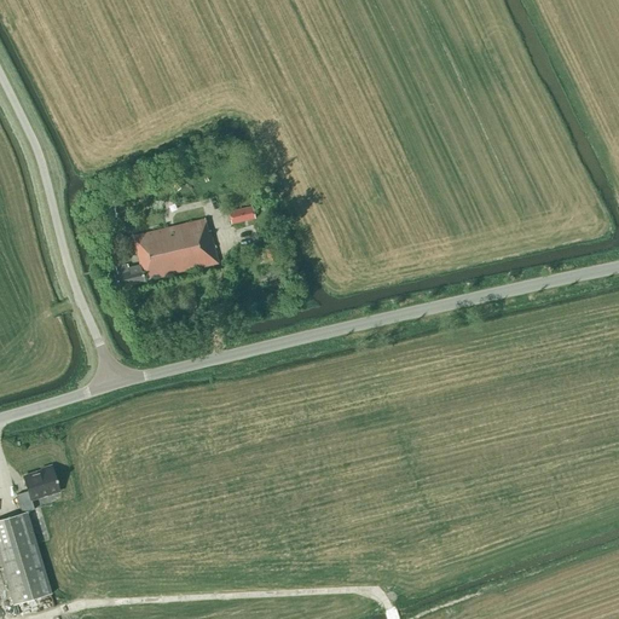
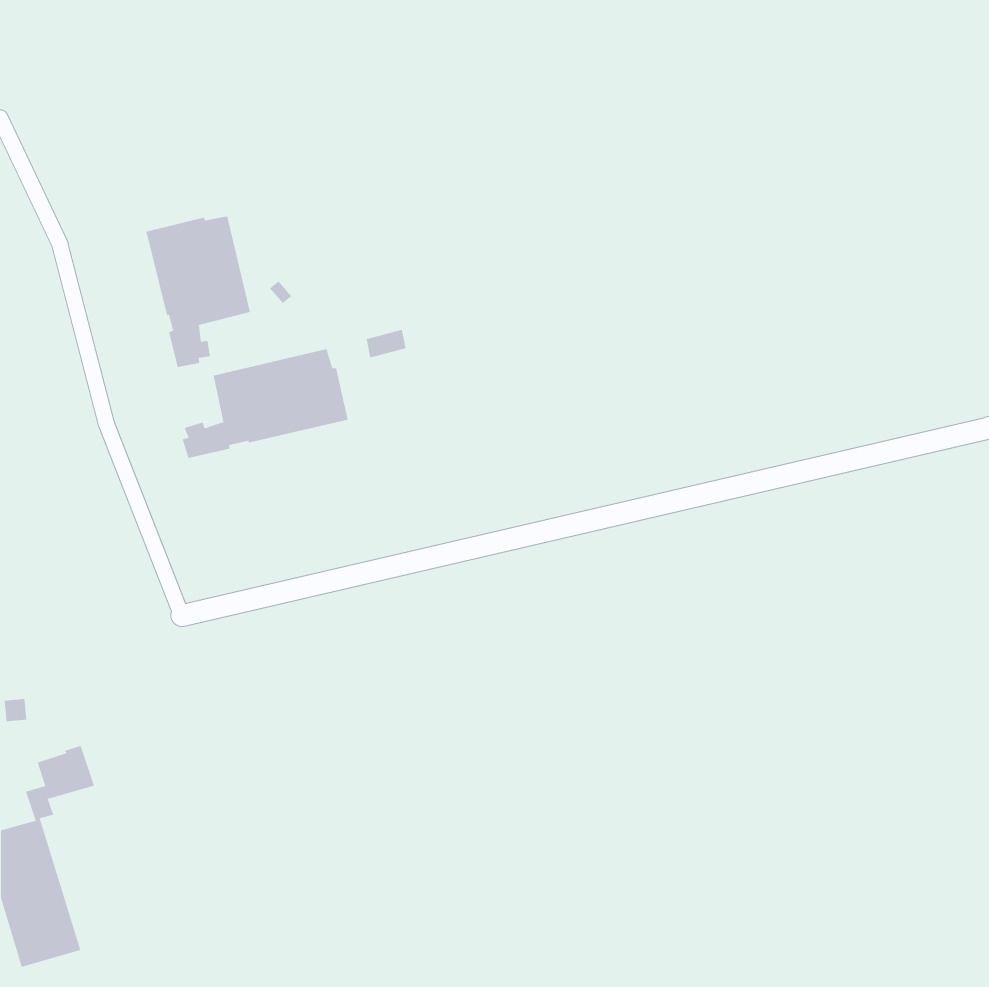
building: none -> [146,216,250,368]

